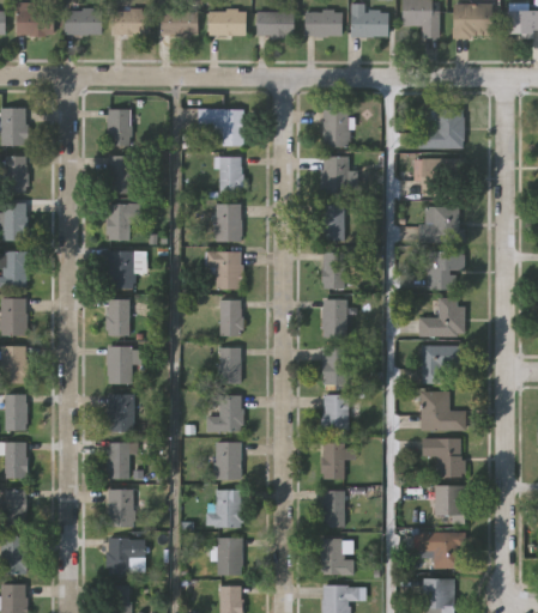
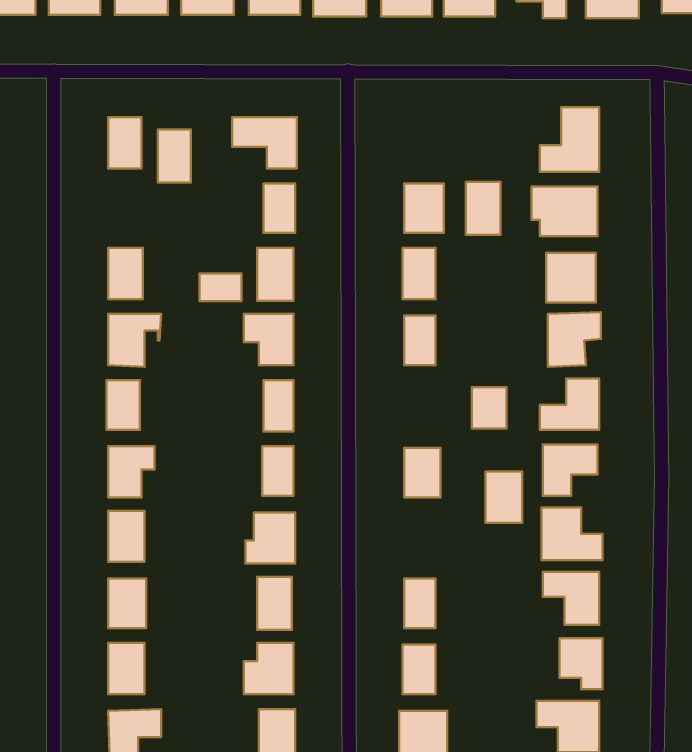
building: [322,109,347,147] -> [466,182,501,235]
building: [110,156,134,194] -> [158,130,191,183]
building: none -> [199,273,241,301]
building: [322,299,347,329] -> [472,387,507,428]
building: [321,395,347,432] -> [486,471,522,523]

